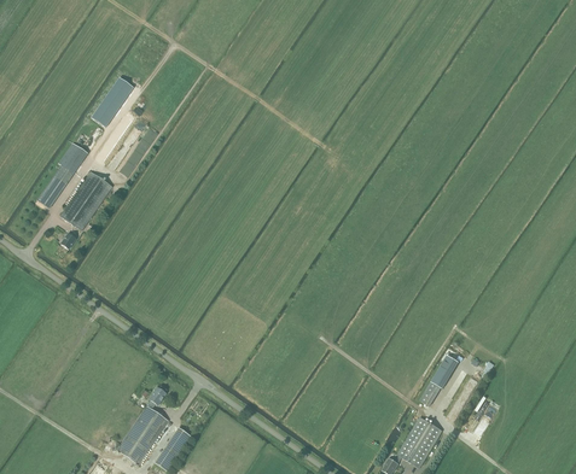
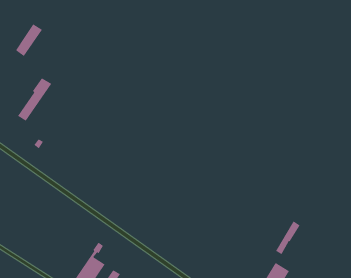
building: [92,77,133,127] -> [15,23,43,57]
building: [60,171,112,230] -> none

